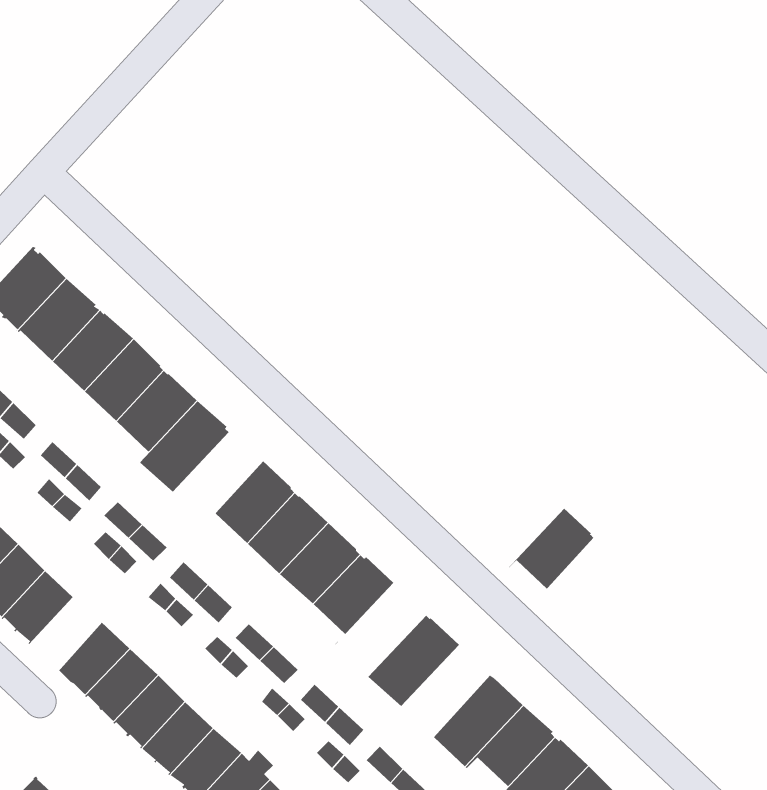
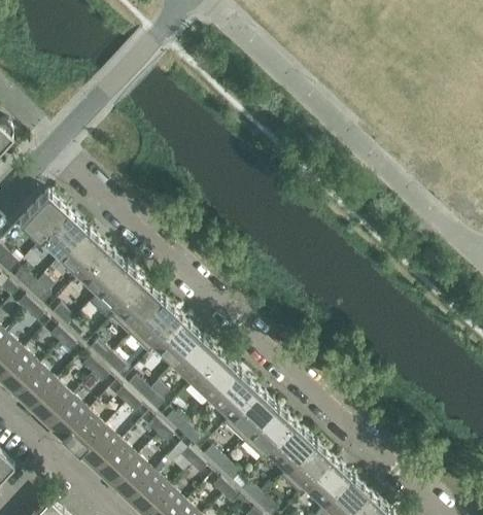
building: none -> [129,299,181,352]
building: [506,508,594,600] -> [262,422,313,476]
building: none -> [223,386,276,441]
building: none -> [45,394,88,438]

